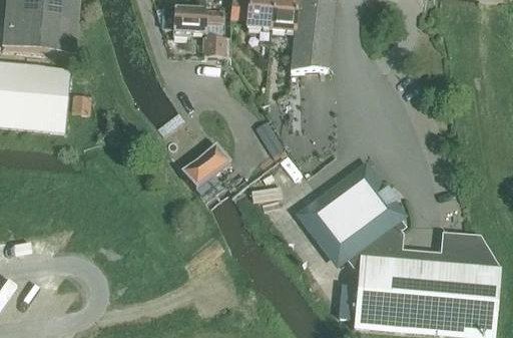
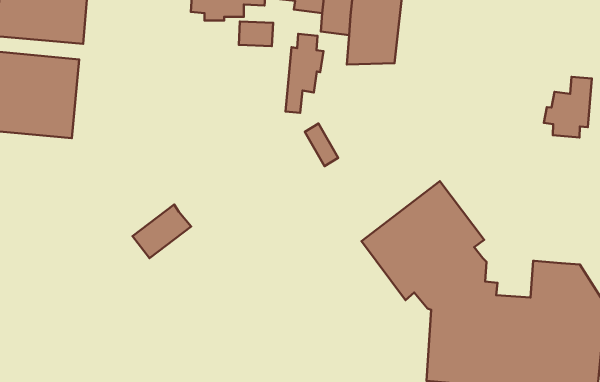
building: none -> [285,34,323,113]
building: none -> [544,77,592,137]
building: [180,142,228,187] -> [132,204,191,258]

